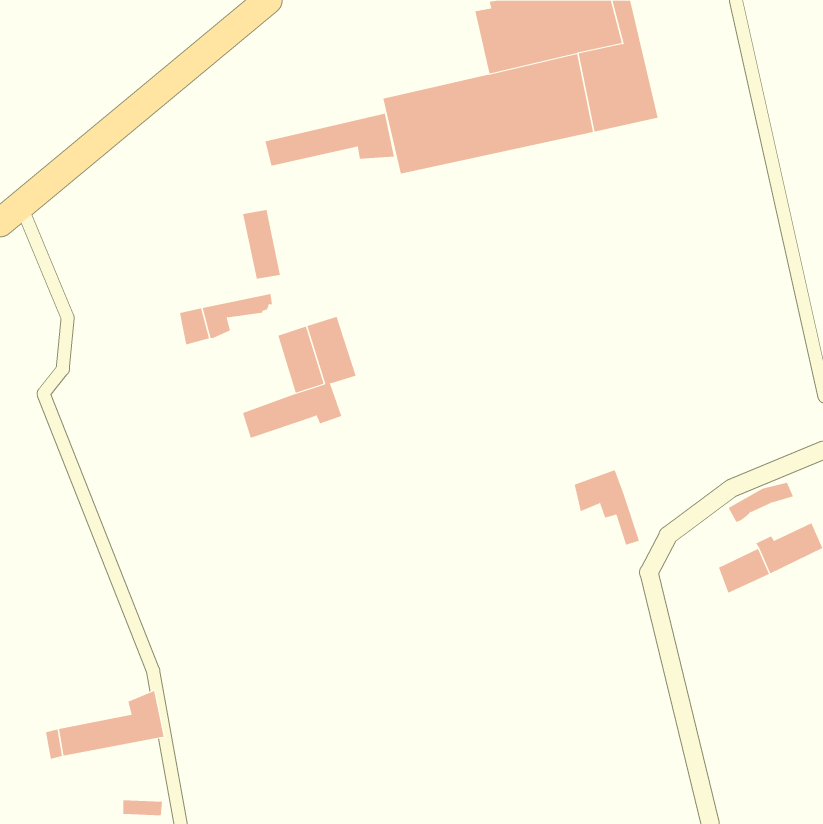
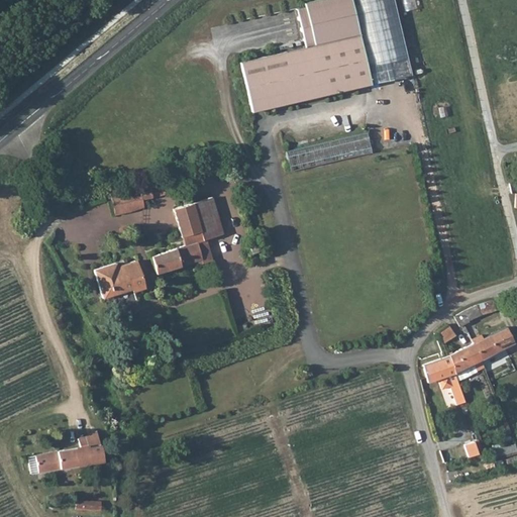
building: [265,113,395,166] -> none
building: [243,209,281,280] -> none
building: none -> [288,131,374,170]
building: none -> [95,261,145,298]
building: [574,467,640,546] -> [425,355,467,405]

